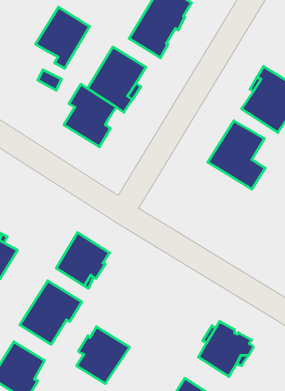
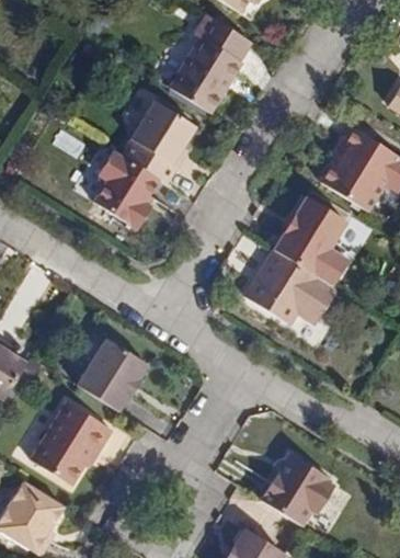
building: [36,7,90,68] -> none
building: none -> [247,248,339,322]
building: [77,327,129,384] -> none

